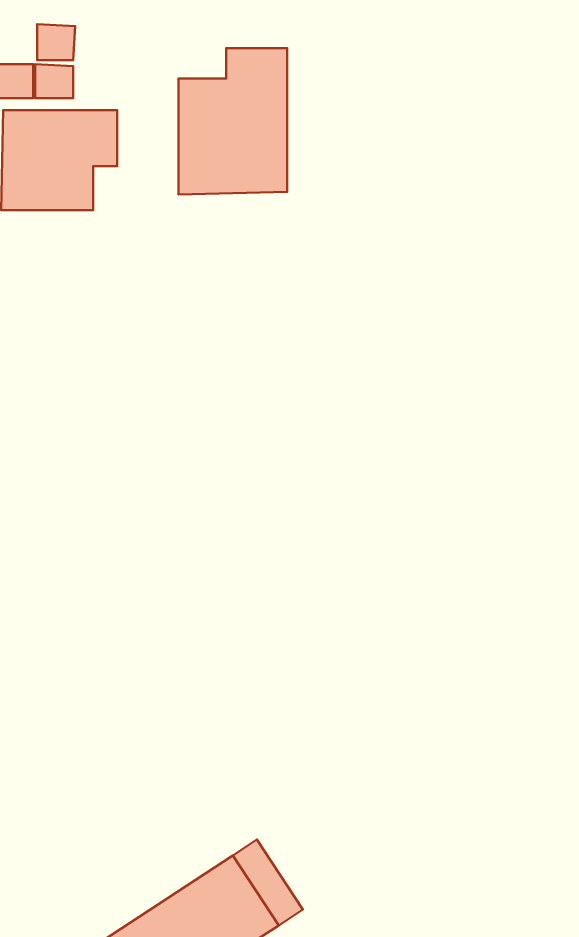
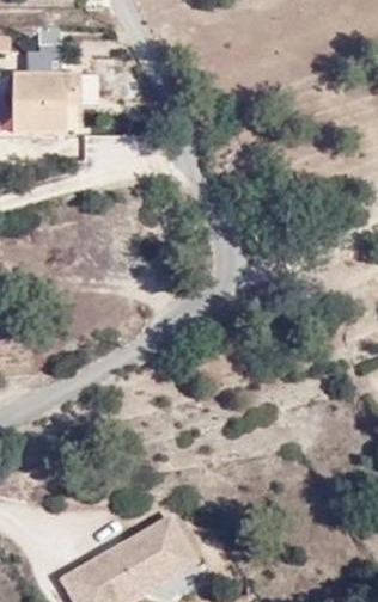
building: [178,48,287,194] -> none

